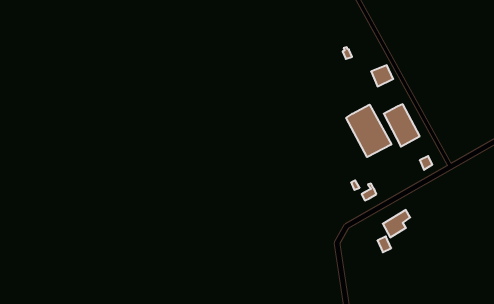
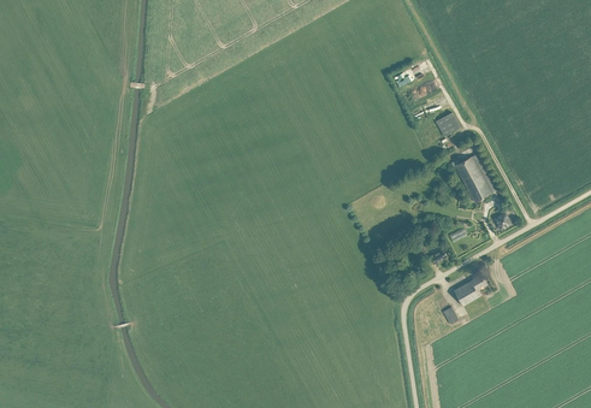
building: [346,105,391,157] -> none

